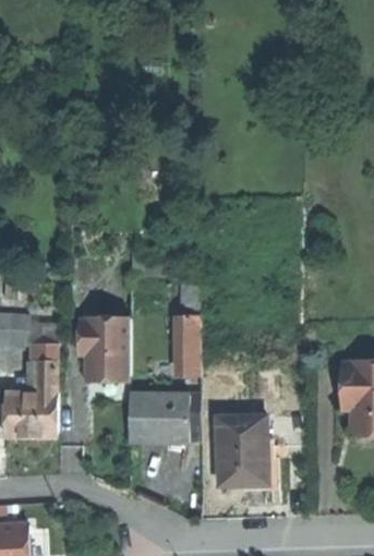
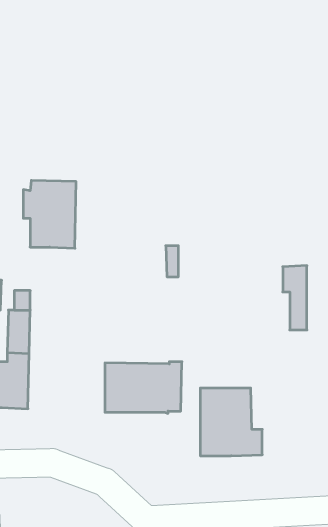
building: [176,315,198,376] -> [283,266,307,330]
building: [77,317,128,382] -> [23,180,76,248]

